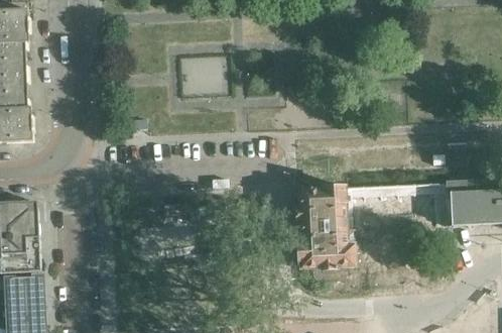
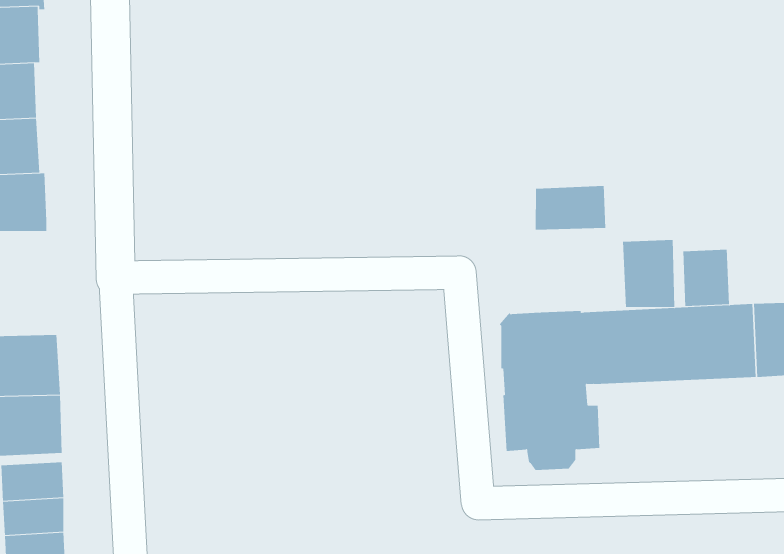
building: none -> [535,185,606,230]
building: none -> [622,239,675,308]
building: none -> [683,249,729,307]

